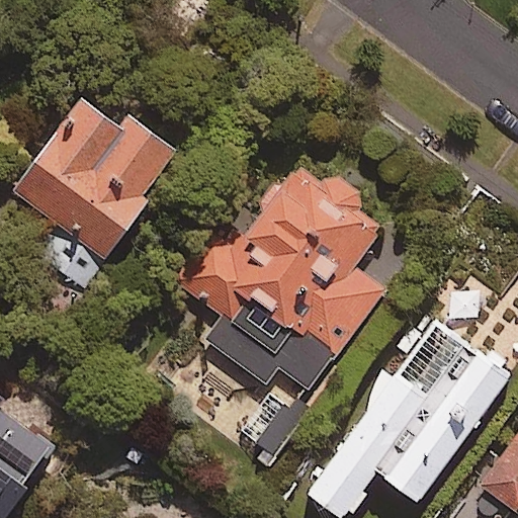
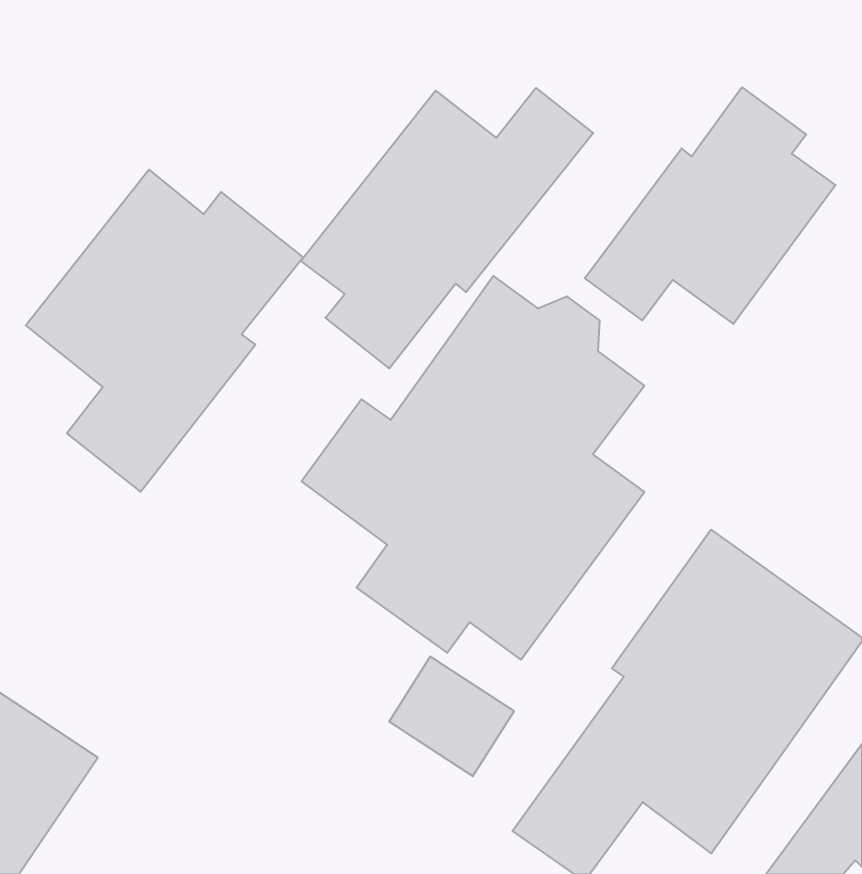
building: none -> [585,87,836,324]
building: none -> [301,88,593,368]

